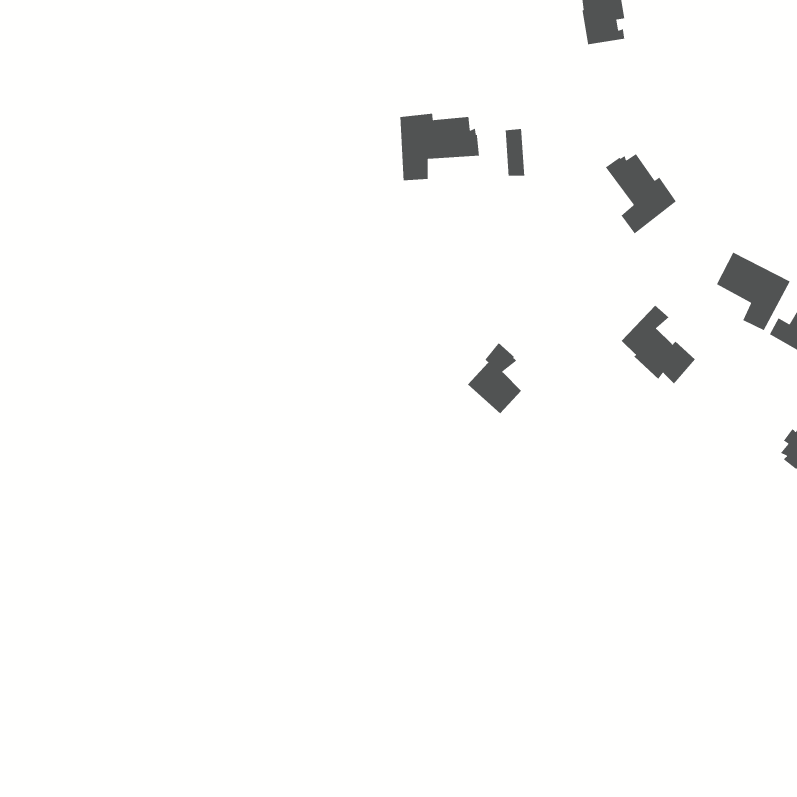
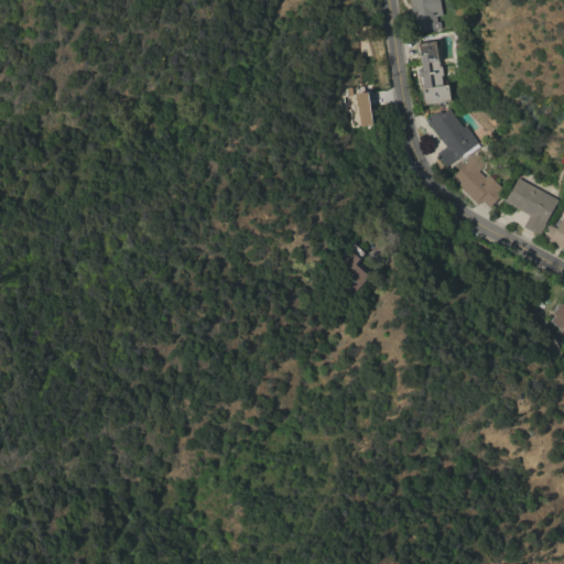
building: none -> [415,40,452,105]
building: [400,113,480,181] -> none
building: [621,305,696,385] -> [453,151,506,207]

